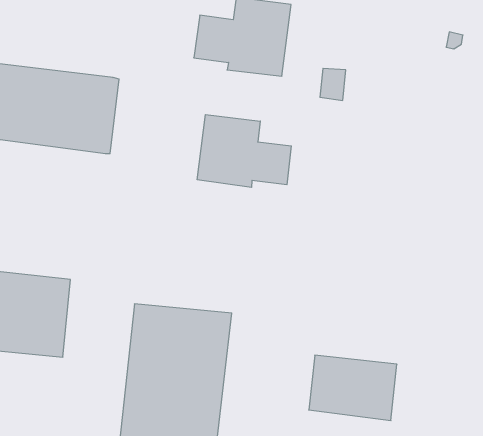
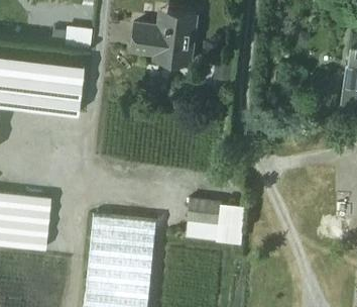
building: [197,115,291,187] -> none
building: [309,355,397,421] -> [187,200,245,243]

